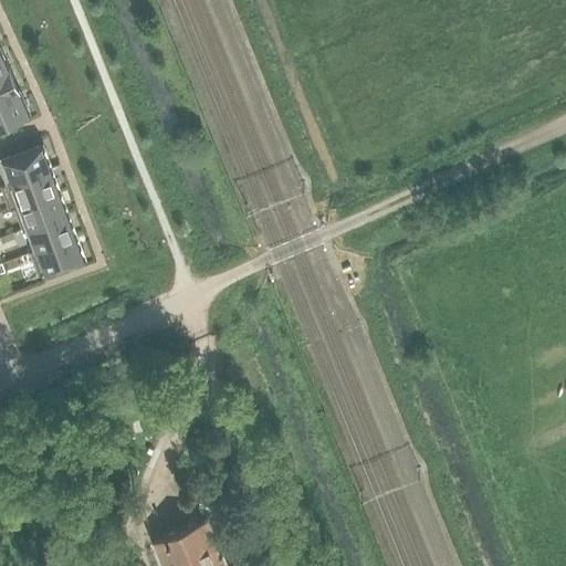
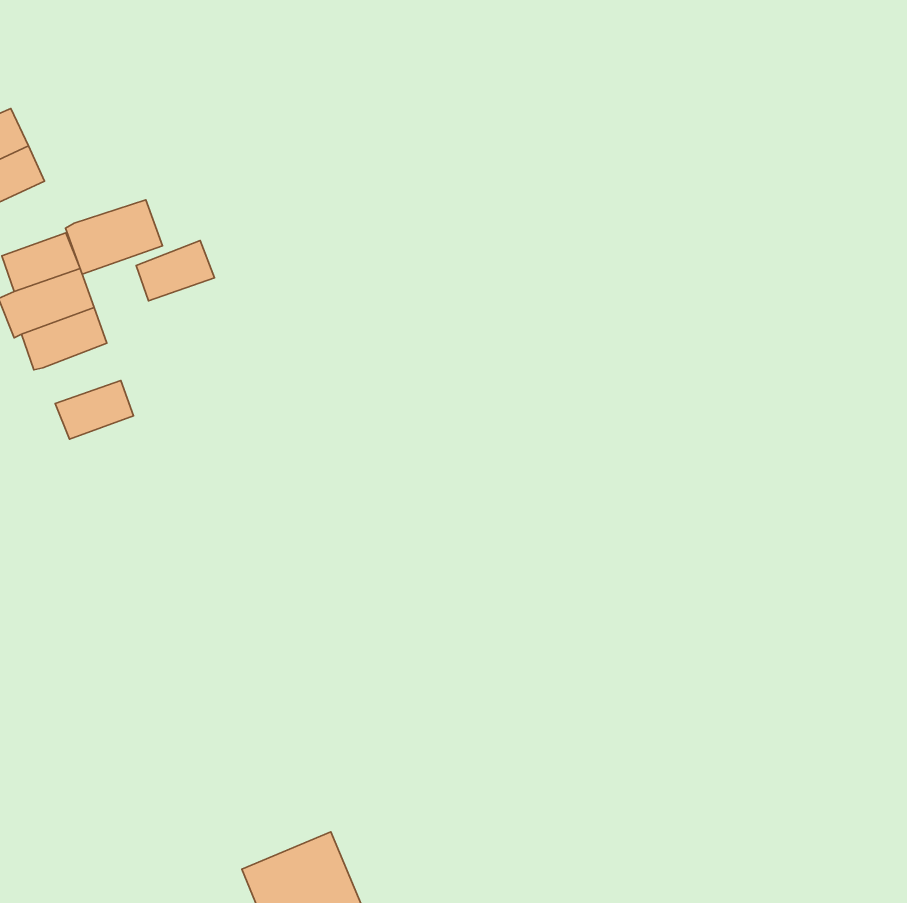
building: none -> [65,200,163,274]
building: [27,217,75,254] -> [136,241,214,301]

